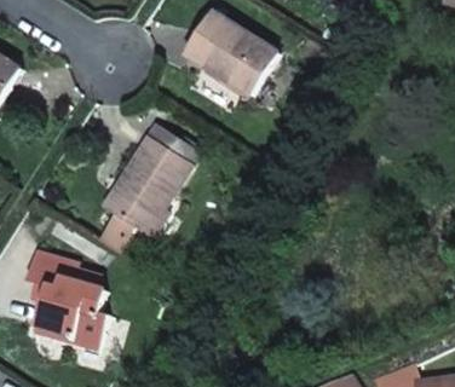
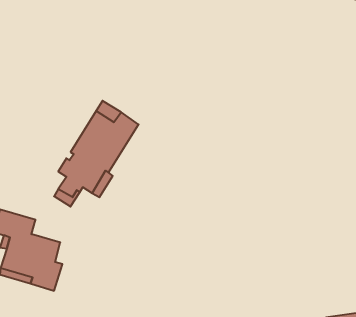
building: [184,10,277,96] -> none

